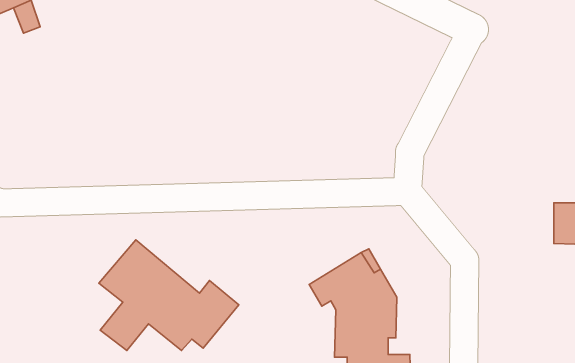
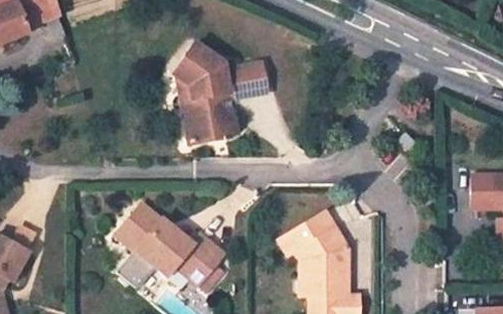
building: none -> [172,43,266,145]

